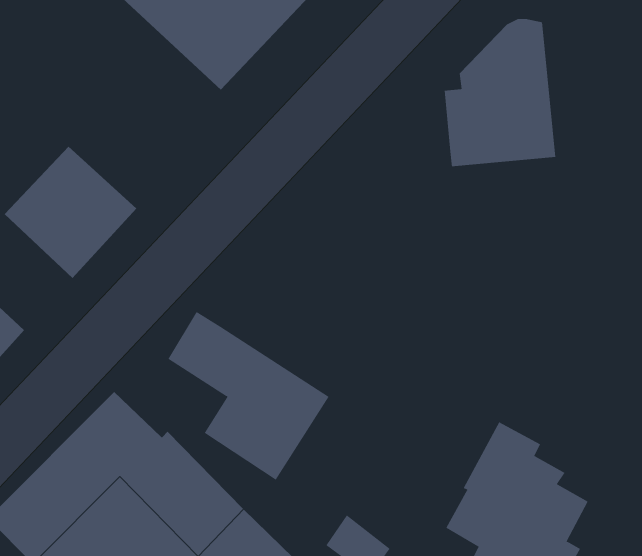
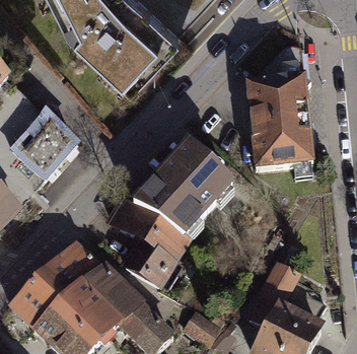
building: none -> [252,117,311,163]
building: none -> [129,148,233,244]

